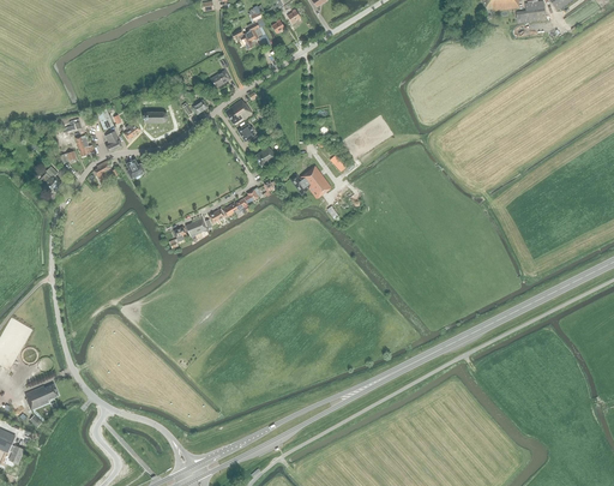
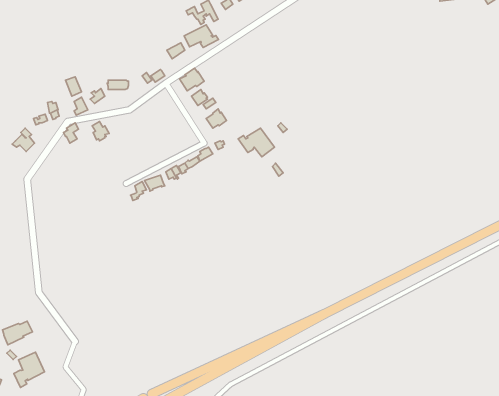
building: none -> [184,25,218,47]
building: none -> [14,352,45,387]

